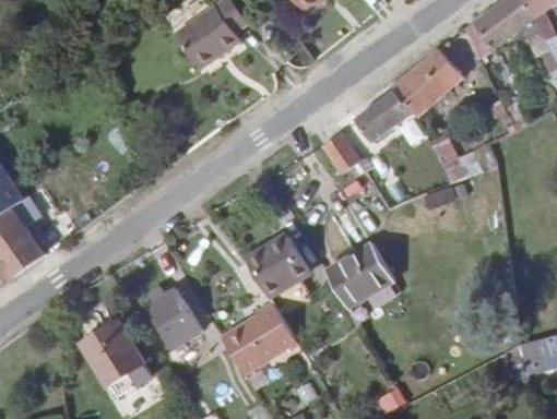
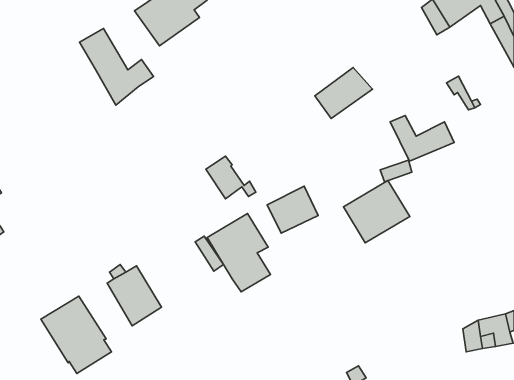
building: [392,49,464,117] -> none
building: none -> [80,28,154,105]
building: [322,132,372,175] -> [206,156,256,199]
building: [327,244,393,307] -> [343,181,410,243]
building: [222,302,297,374] -> none

